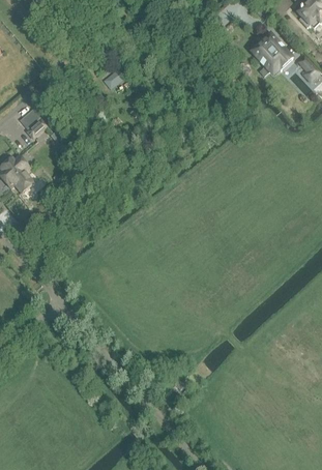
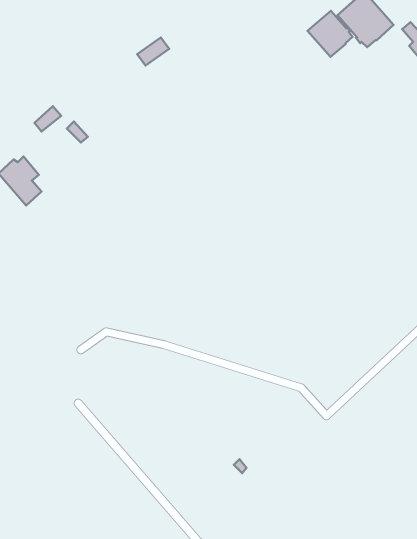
building: none -> [308,11,353,57]

